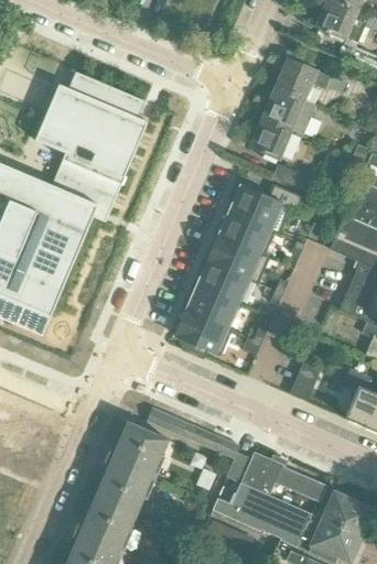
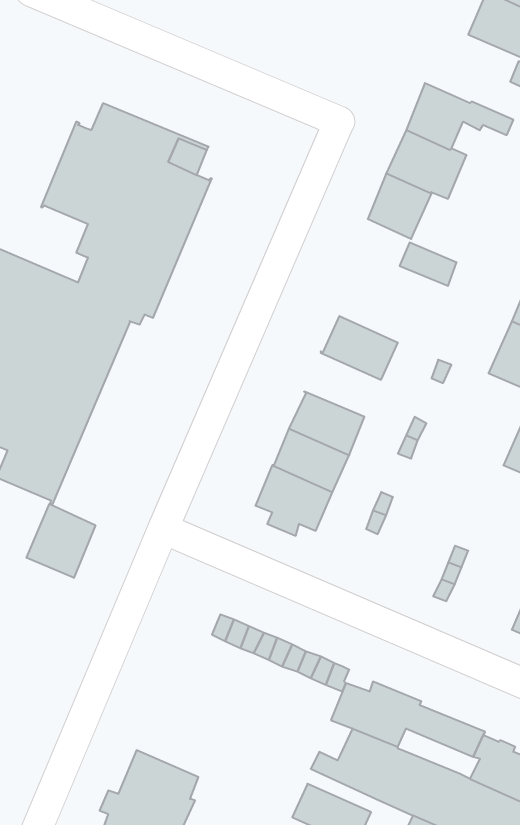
building: [230,183,303,229] -> none
building: [207,236,258,278] -> none
building: none -> [27,504,95,578]
building: [97,423,170,514] -> none

